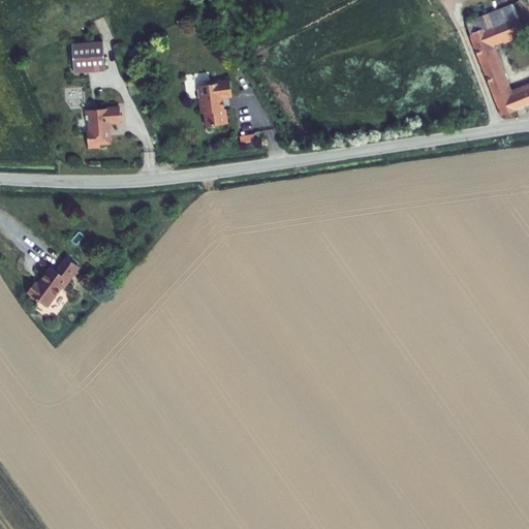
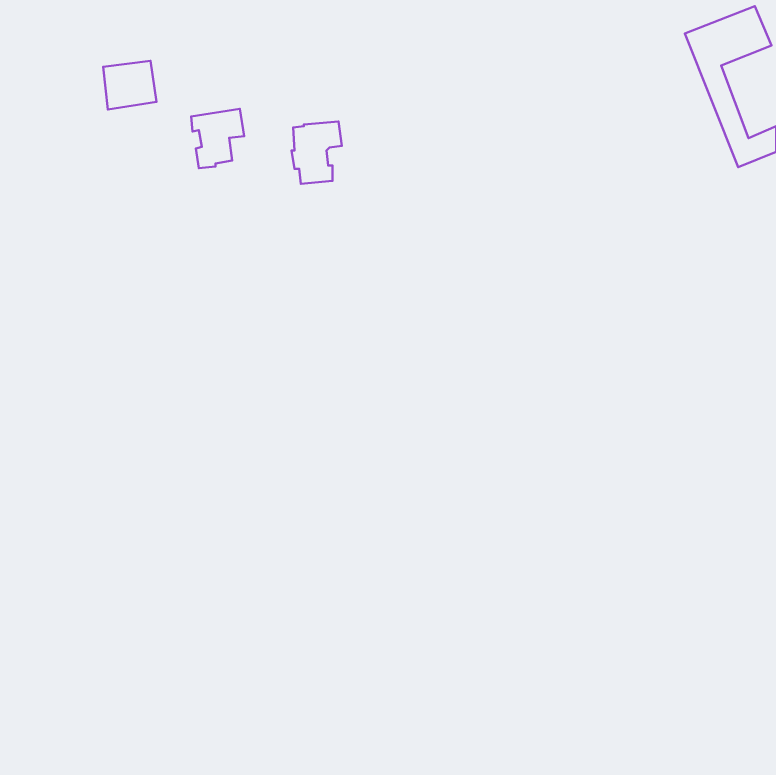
building: [84,105,120,146] -> [191,109,244,168]
building: [27,256,80,306] -> none

